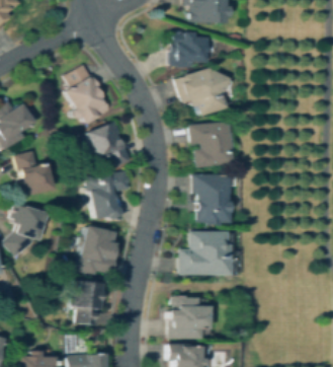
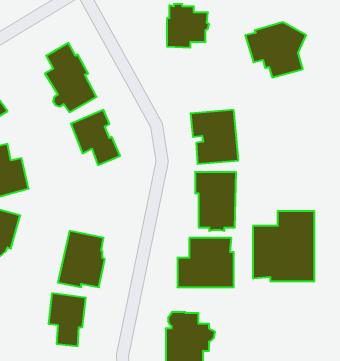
building: [178,67,231,115] -> [245,22,306,78]
building: [90,170,132,220] -> none
building: none -> [253,211,314,282]

